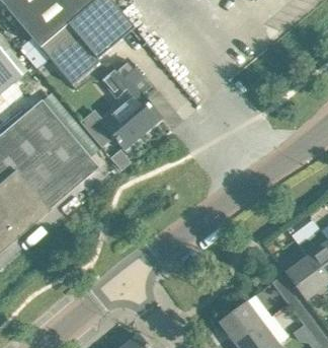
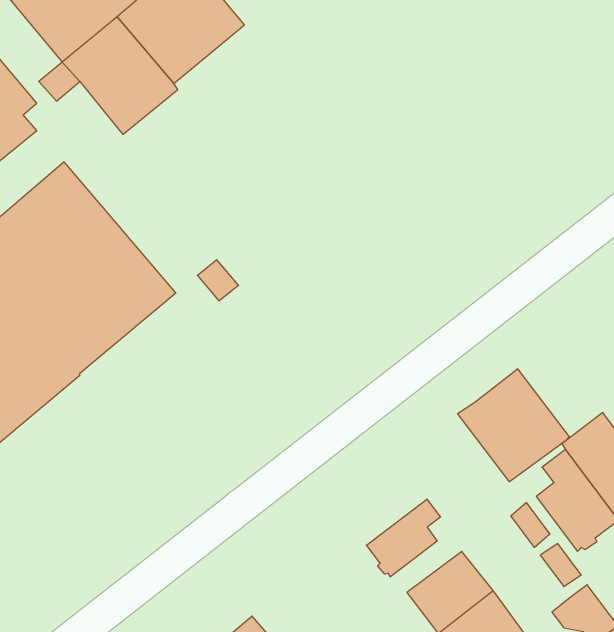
building: [82,60,160,148] -> none
building: none -> [458,369,569,482]
building: none -> [366,499,441,577]

